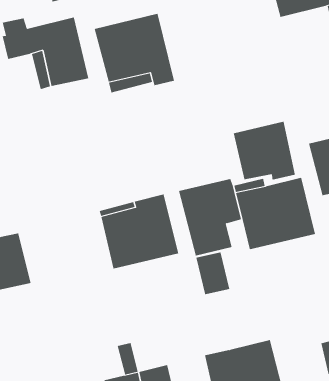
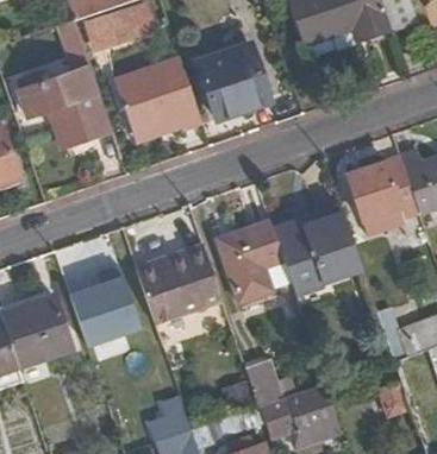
building: none -> [198,49,269,121]
building: [233,121,296,180] -> none
building: none -> [65,269,139,342]
building: [195,252,230,295] -> [245,360,285,406]

